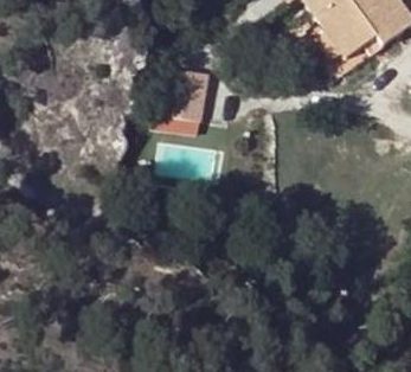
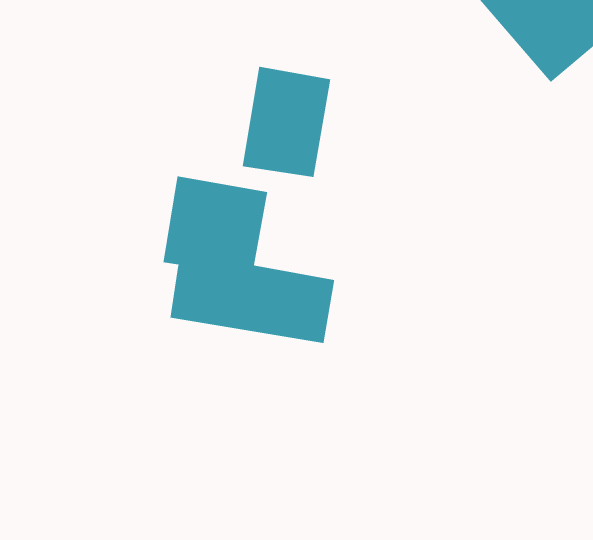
building: none -> [163,175,335,344]

